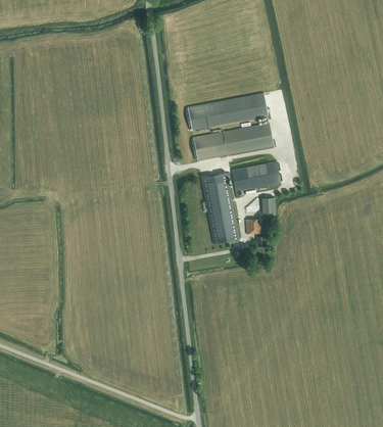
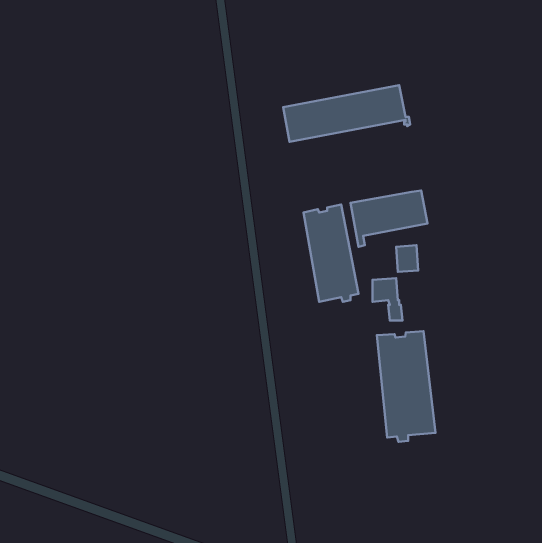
building: [192,123,275,160] -> none
building: none -> [377,331,436,442]

